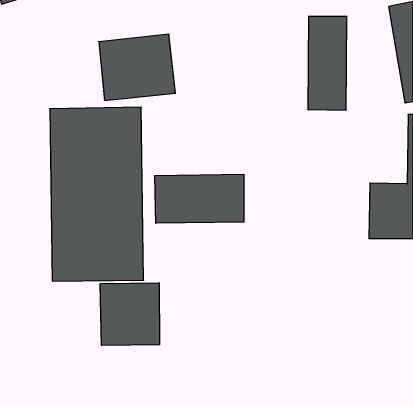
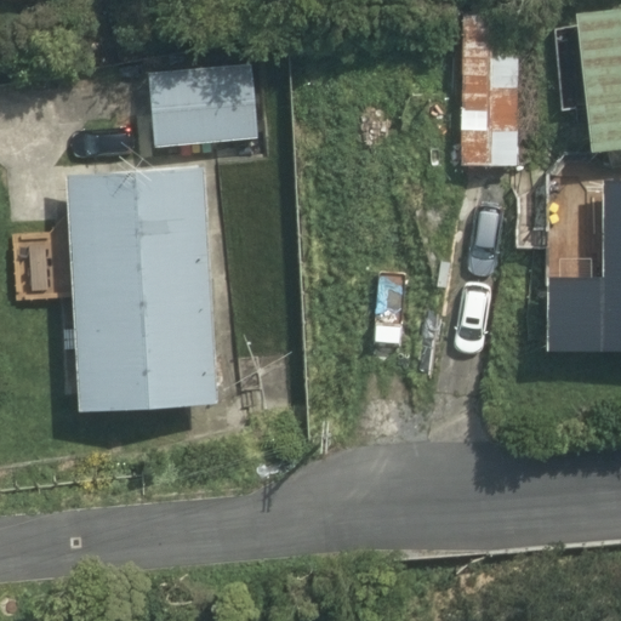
building: [155,174,244,223] -> none
building: [100,283,160,345] -> none

